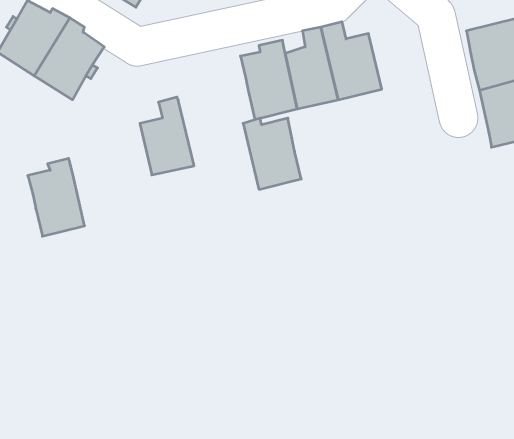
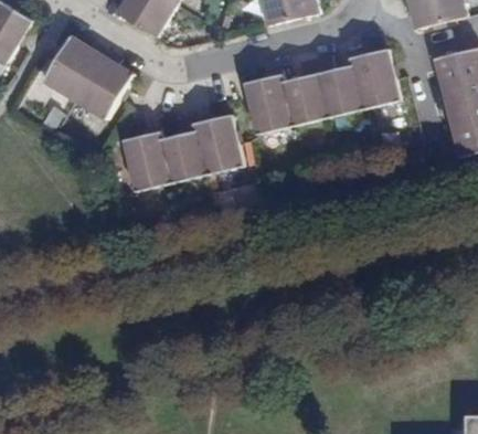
building: none -> [350,49,399,109]
building: [243,118,301,189] -> [193,114,242,173]
building: [28,158,85,236] -> [124,125,171,190]

